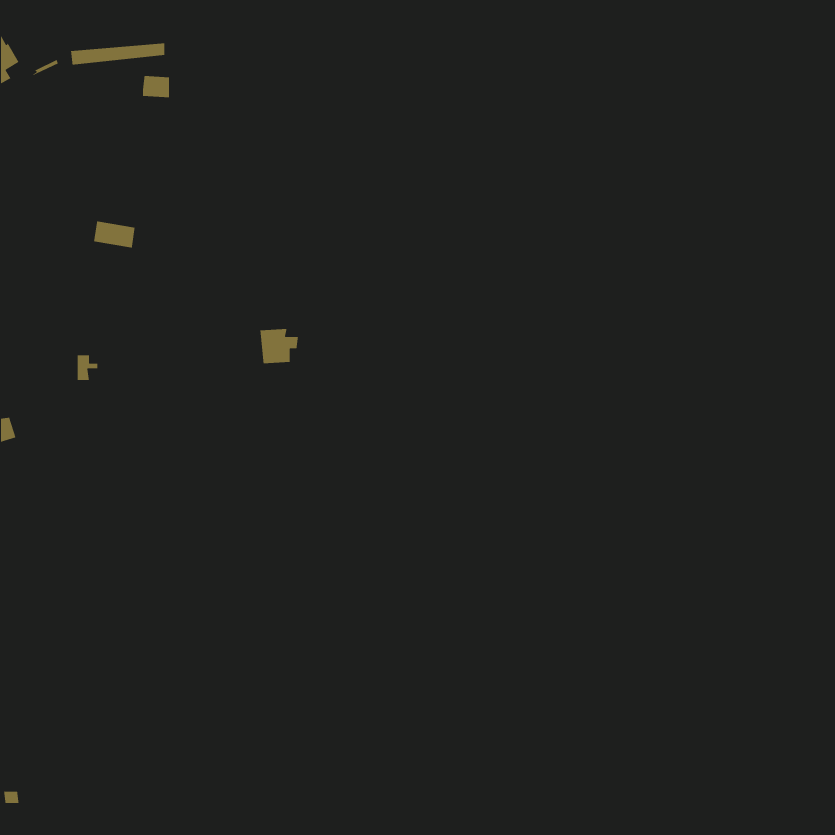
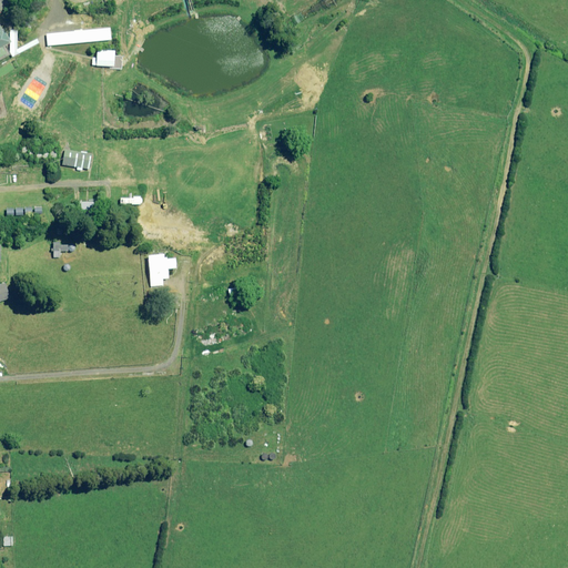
building: [260,328,299,364] -> [144,251,171,275]

